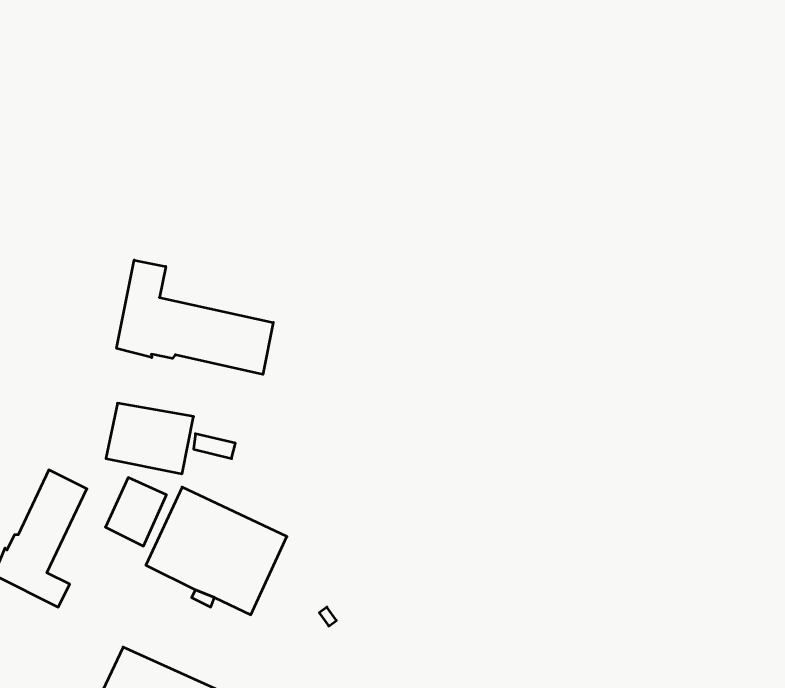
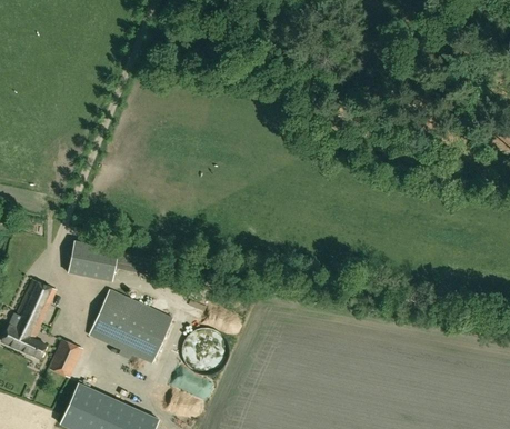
building: [117,260,273,374] -> none
building: [105,478,166,546] -> [47,338,82,378]

